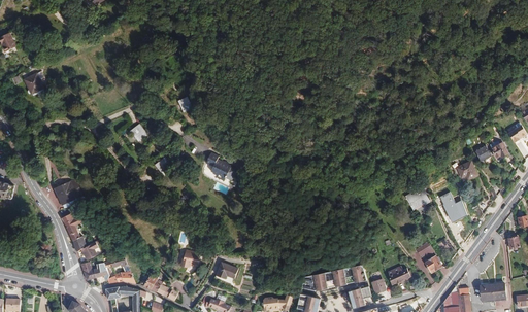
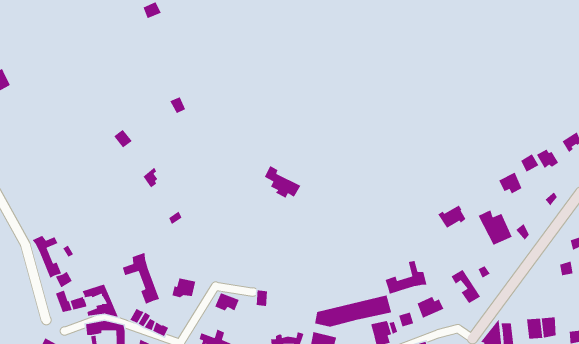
building: [205,151,237,180] -> [264,165,302,199]
building: [55,177,82,207] -> none
building: none -> [122,252,160,305]
building: none -> [385,260,428,295]

